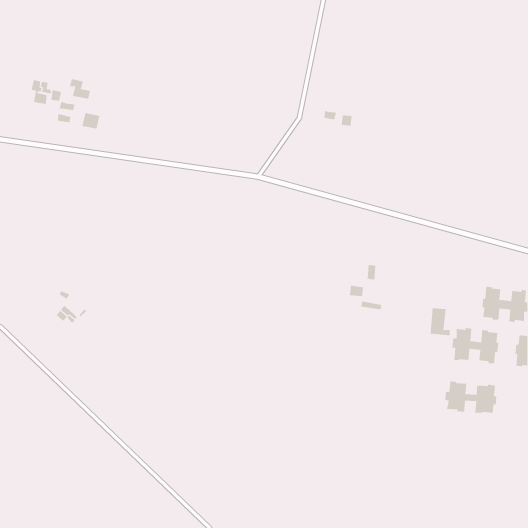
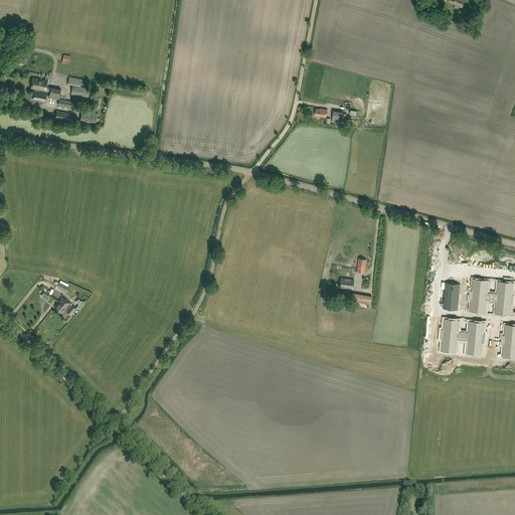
building: [430,308,450,336] -> [444,283,464,310]
building: [445,380,497,414] -> none

